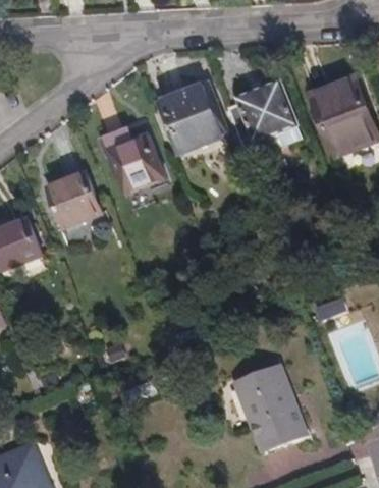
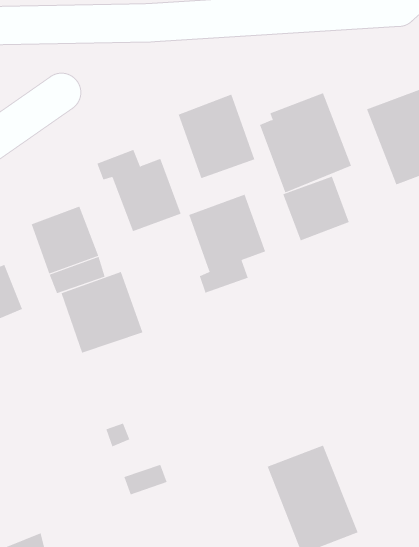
building: none -> [282,176,350,241]
building: none -> [189,194,266,293]
building: none -> [61,271,143,353]

